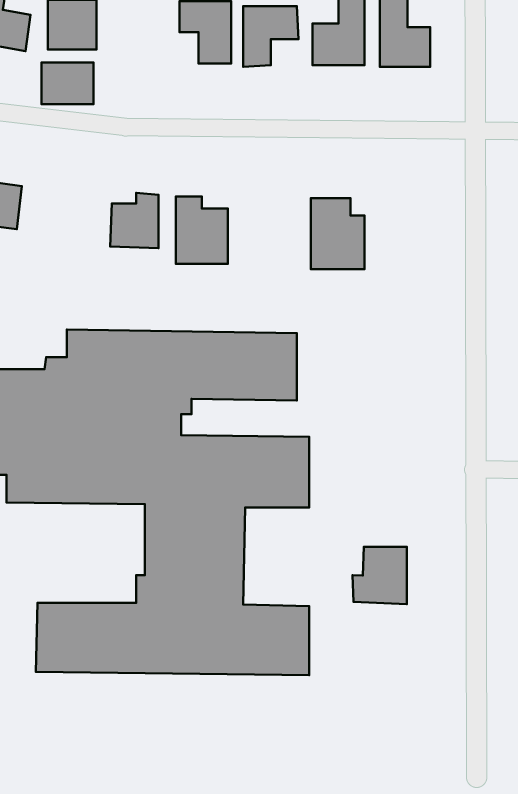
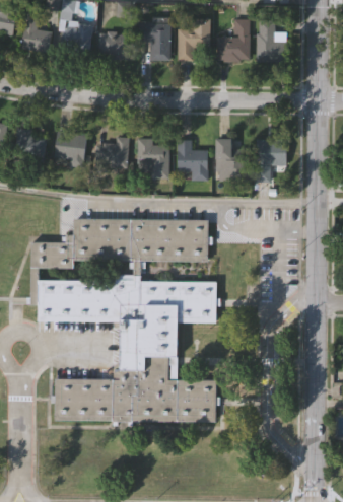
building: [41,63,93,104] -> [99,34,130,59]
building: none -> [56,133,89,168]
building: none -> [179,141,208,182]
building: none -> [257,141,287,183]
building: [353,547,407,604] -> none

